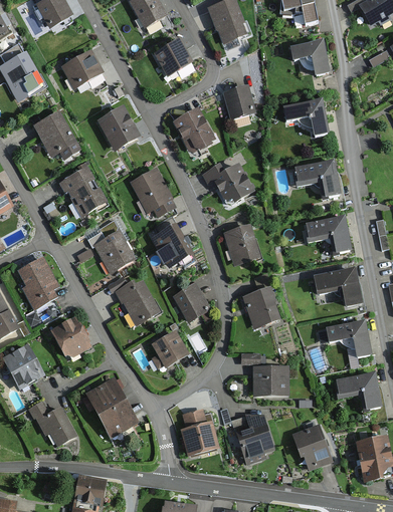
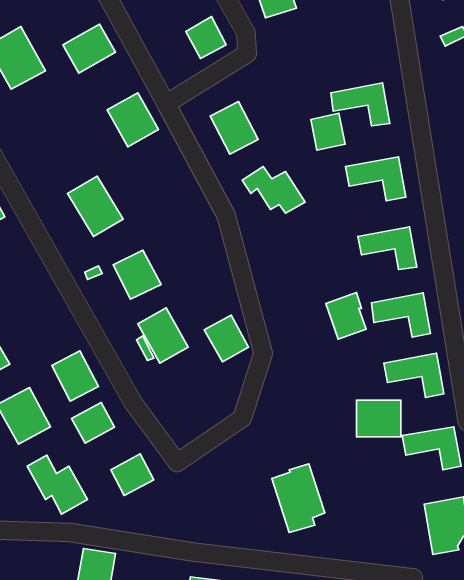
building: [287,35,328,71] -> none
building: [227,89,255,119] -> [311,113,345,150]
building: [34,111,84,161] -> none
building: [134,171,177,217] -> none
building: [155,227,194,269] -> none
building: [226,228,261,264] -> none
building: [22,256,63,310] -> none
building: [242,287,275,325] -> [326,292,366,339]
building: [154,335,189,371] -> none
building: [250,365,286,396] -> [356,400,401,437]
building: [86,379,122,413] -> [72,403,115,443]
building: [177,407,217,456] -> none
building: [298,427,334,468] -> none

